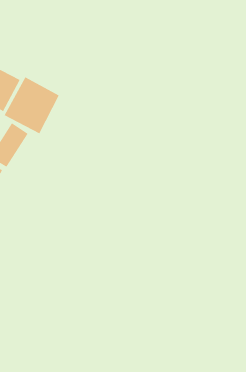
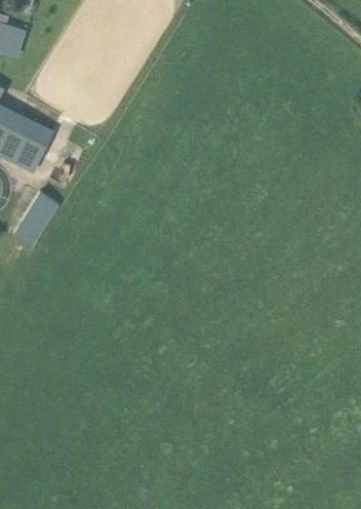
building: [4,77,60,134] -> none

